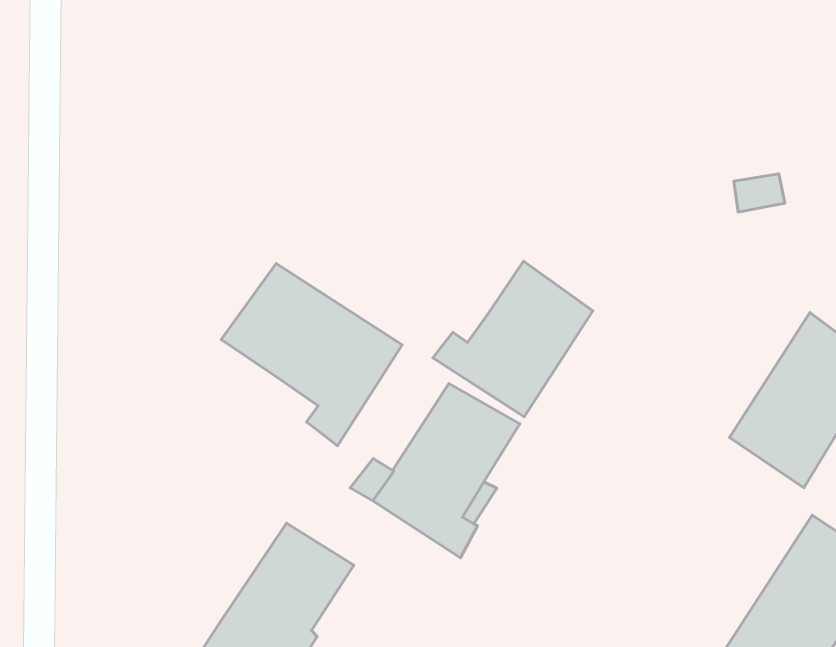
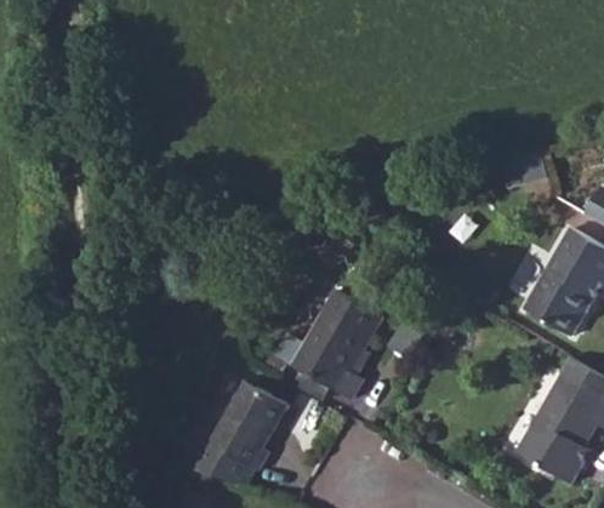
building: [433,261,593,417] -> none
building: [221,264,402,446] -> none

